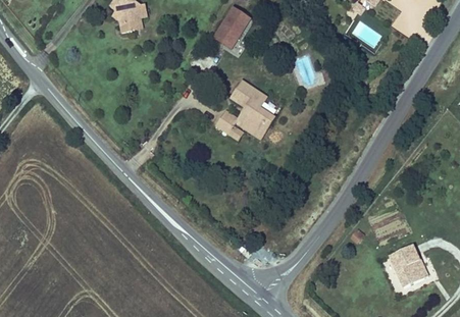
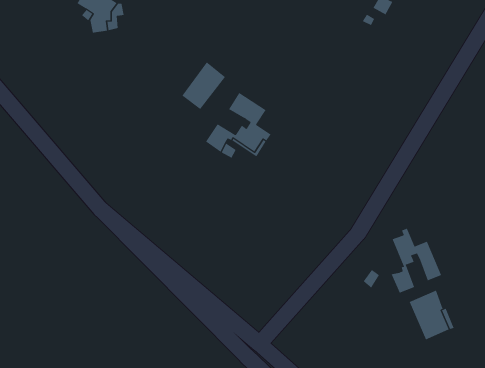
building: [215,6,253,47] -> [181,62,226,110]
building: none -> [391,228,442,294]

